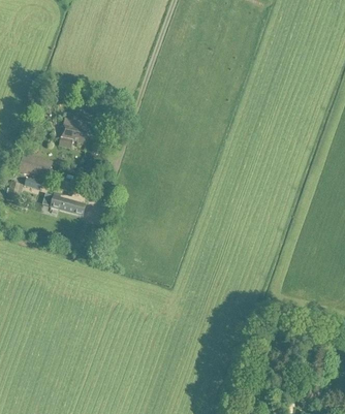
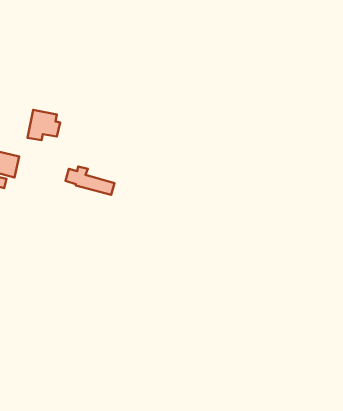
building: [42,188,86,213] -> [65,167,115,195]

